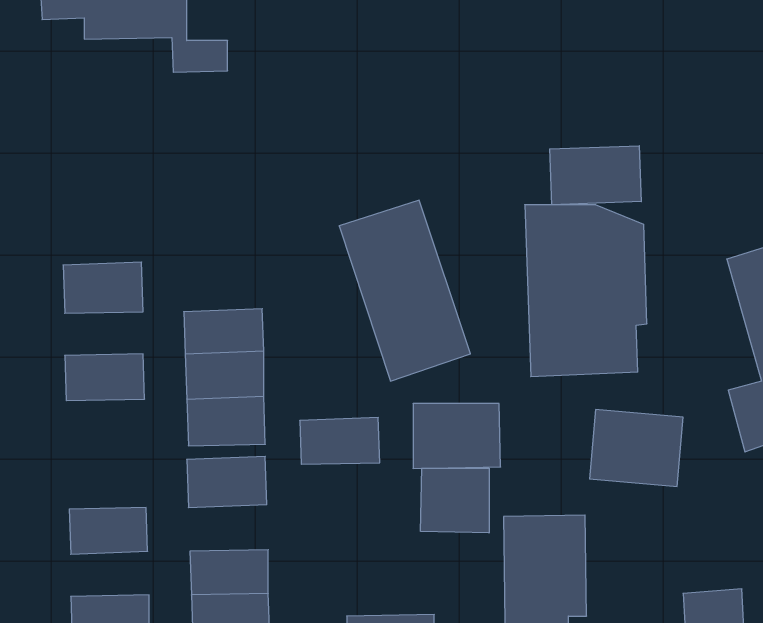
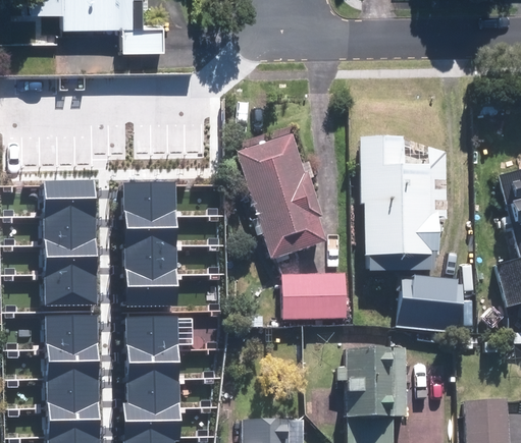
building: [550,146,641,205] -> none
building: none -> [125,178,179,213]
building: none -> [46,213,99,242]
building: none -> [47,272,101,306]
building: [300,418,380,464] -> [129,343,184,375]
building: none -> [48,313,101,346]
building: [421,468,489,533] -> none
building: none -> [50,375,103,405]

